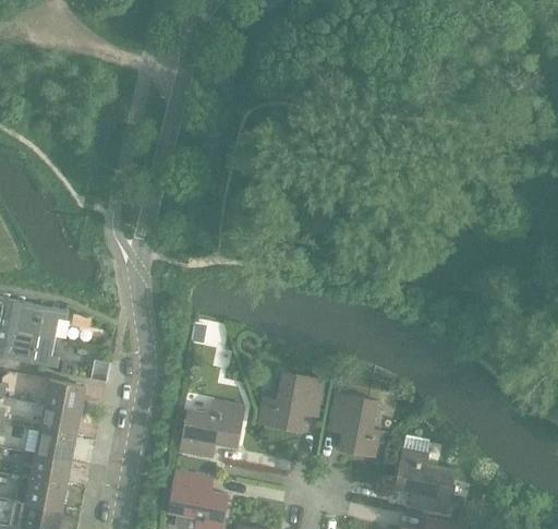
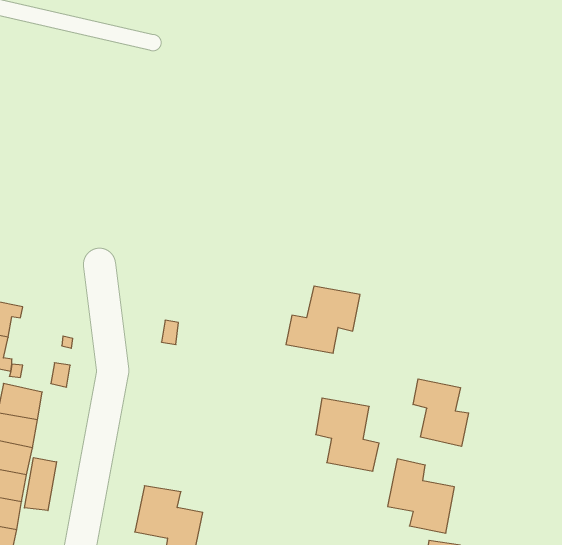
building: [257,372,324,432] -> [286,286,360,353]
building: none -> [413,379,469,446]
building: [179,400,244,457] -> none
building: none -> [24,458,57,511]

